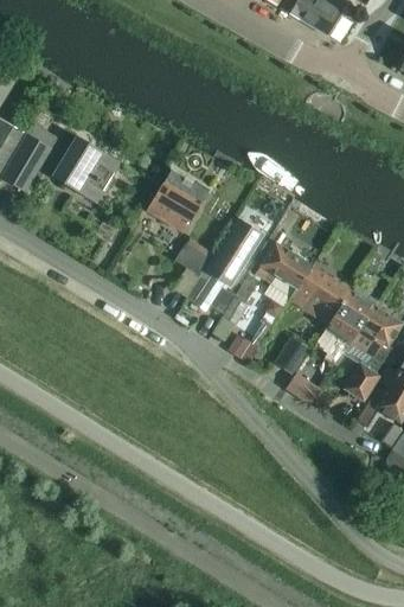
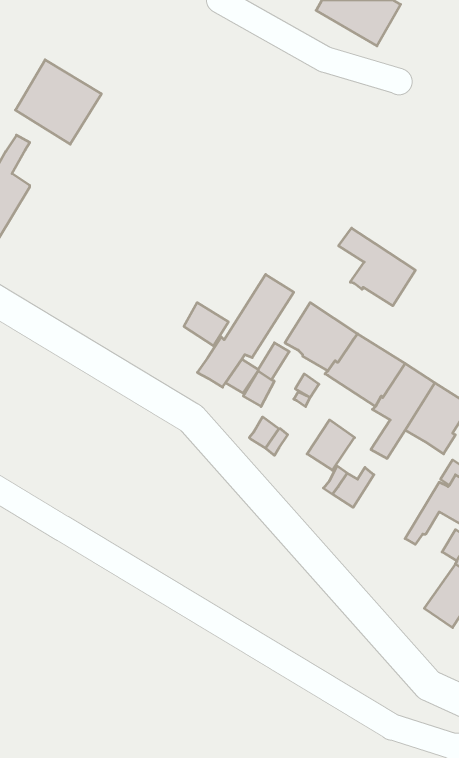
building: [53,135,122,203] -> [15,60,101,144]
building: [147,167,211,232] -> none
building: none -> [339,228,415,306]
building: [344,362,381,402] -> none

